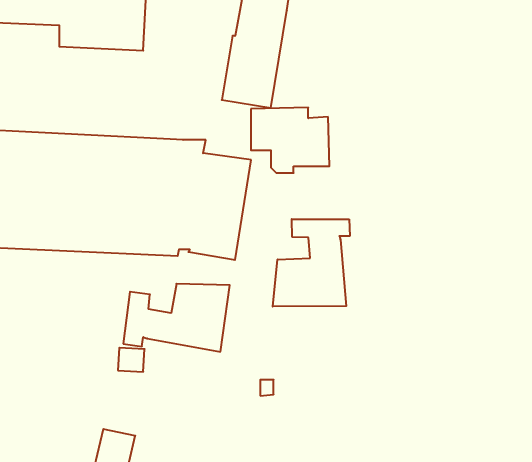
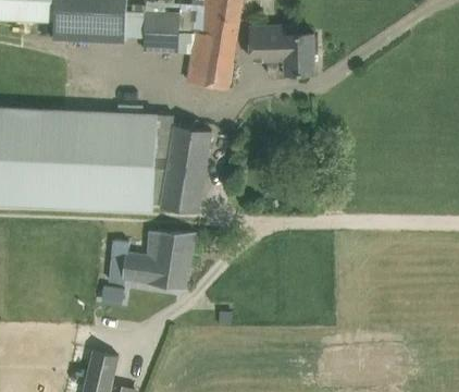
building: none -> [141,13,194,52]
building: [251,108,329,173] -> [250,26,314,79]
building: [273,219,350,307] -> none

